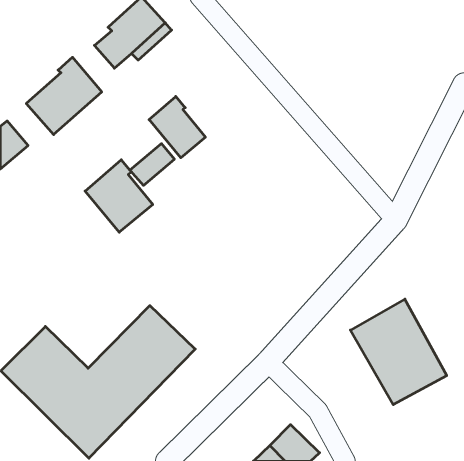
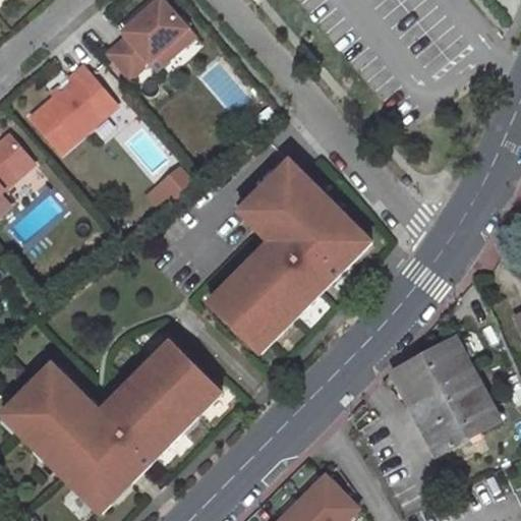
building: [149,96,205,158] -> none
building: none -> [208,160,367,351]
building: [85,160,153,232] -> none

